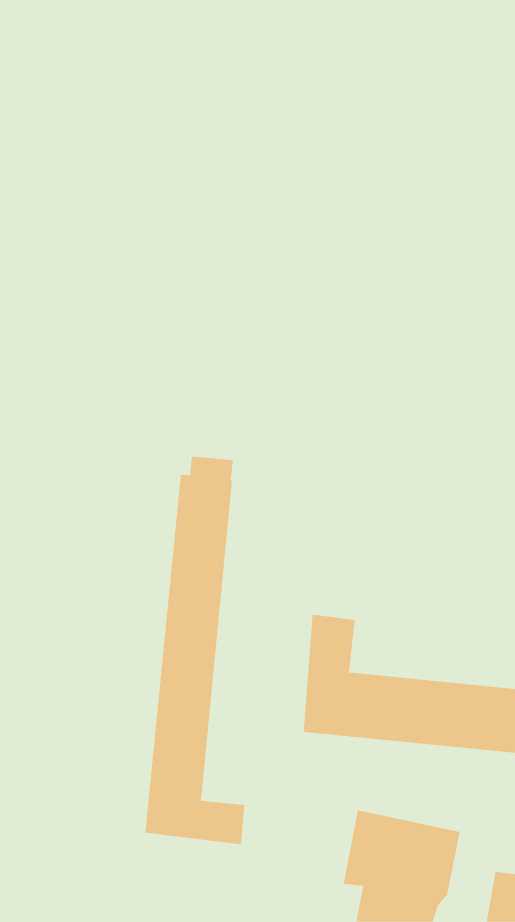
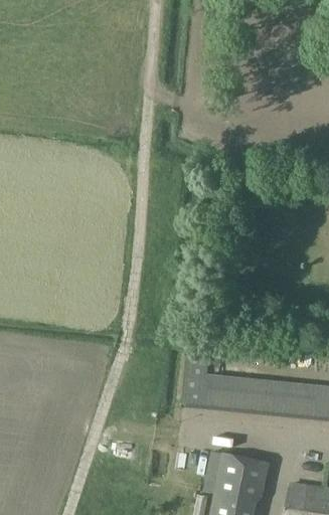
building: [145,456,245,845] -> none

